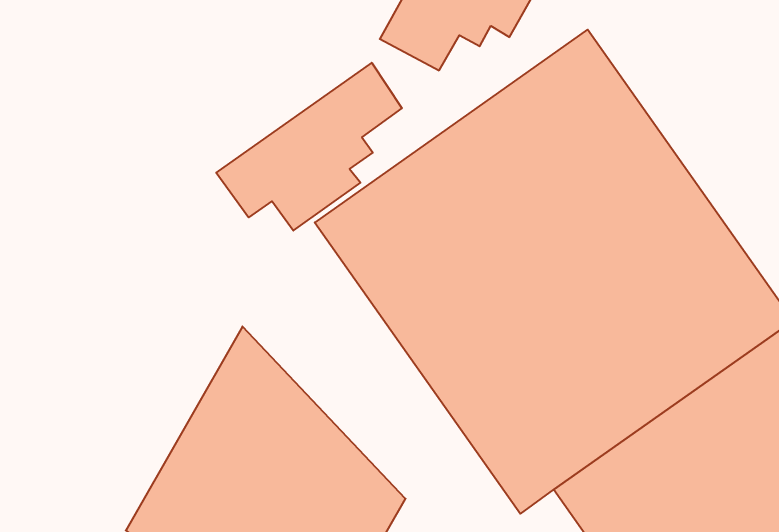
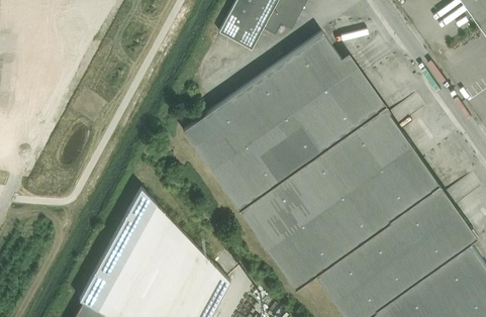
building: [216,63,402,231] -> none

